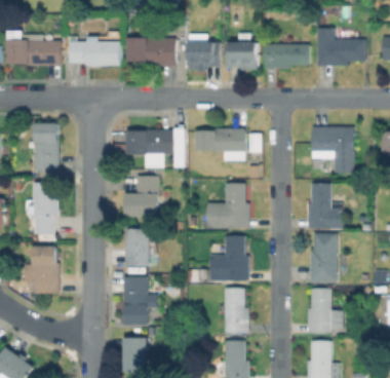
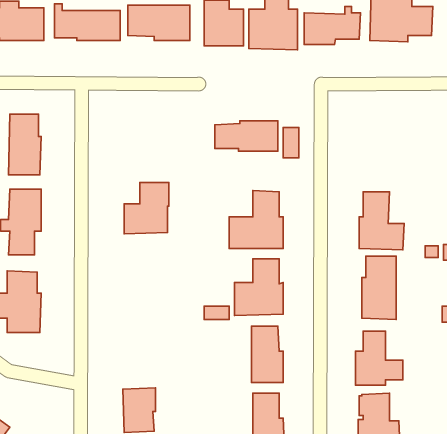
building: [312,127,355,173] -> none
building: [126,130,183,156] -> none
building: [126,229,150,266] -> none
building: [123,276,149,326] -> none

